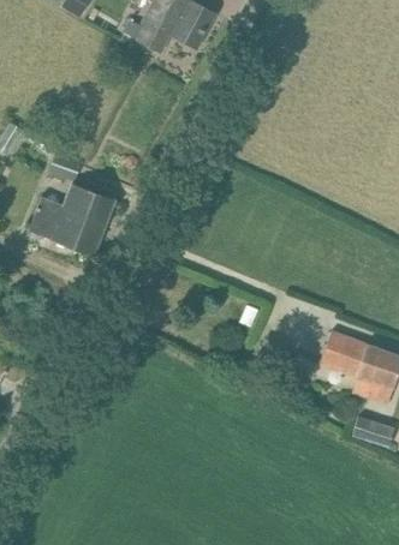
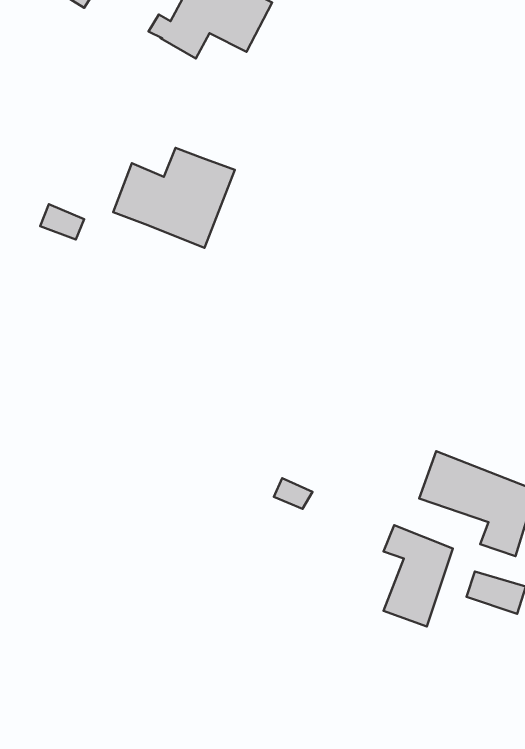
building: [28,184,114,254] -> [113,148,235,248]
building: none -> [383,525,453,626]

